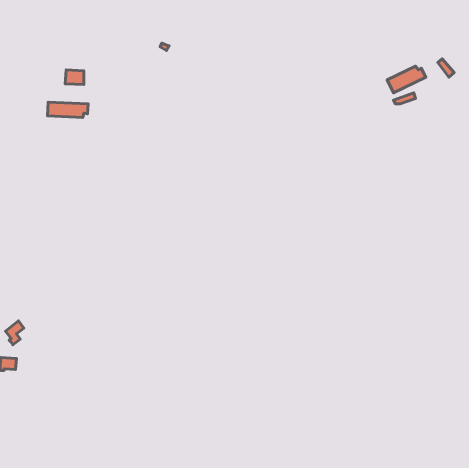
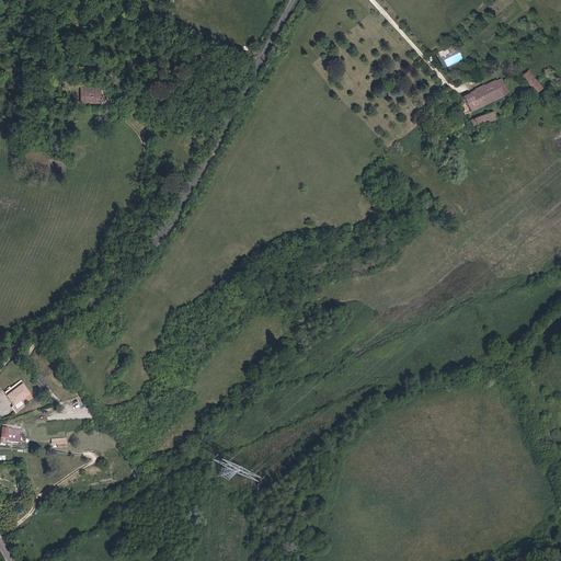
building: [47,102,88,118] -> none

